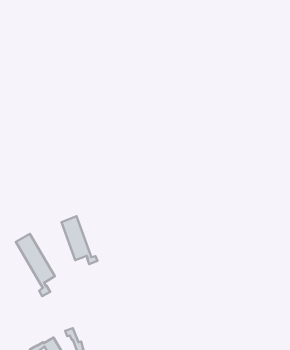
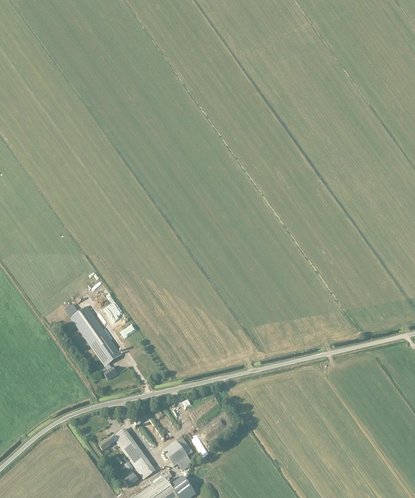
building: [62,216,97,264] -> none

